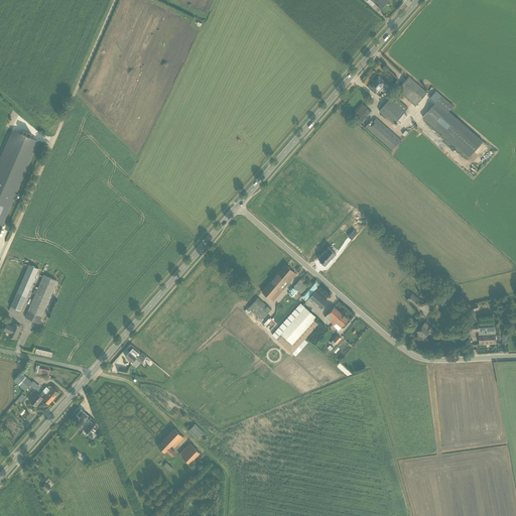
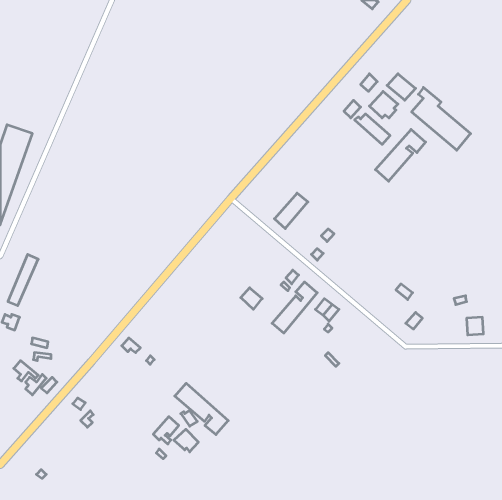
building: none -> [375,129,426,181]
building: [261,266,295,302] -> [274,193,308,229]
building: [25,276,57,324] -> none
building: none -> [175,383,228,435]

